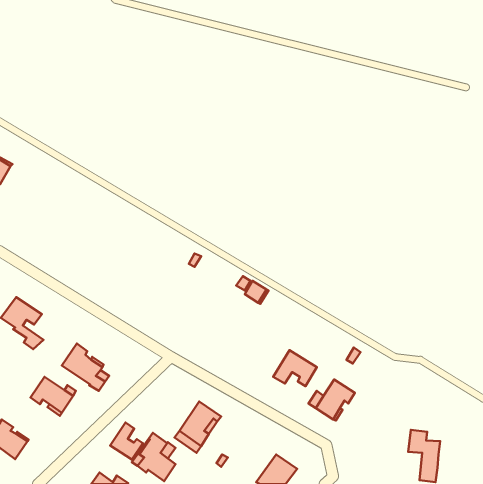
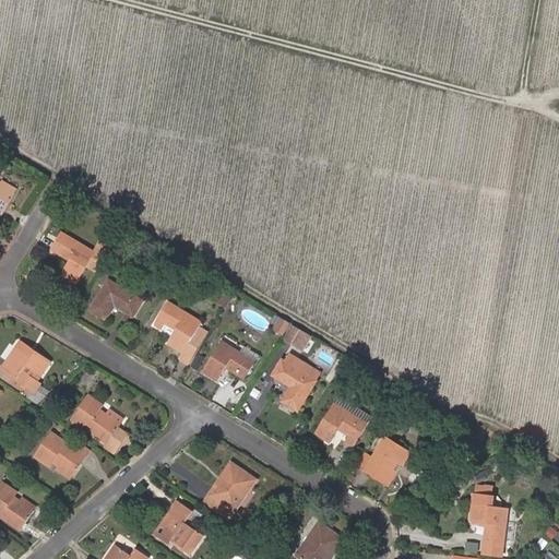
building: none -> [51,233,109,282]
building: none -> [90,280,141,319]
building: none -> [154,302,206,362]
building: none -> [203,341,252,379]
building: none -> [272,352,319,411]
building: [110,422,143,460] -> none

